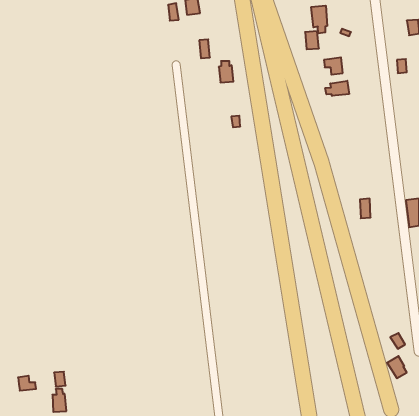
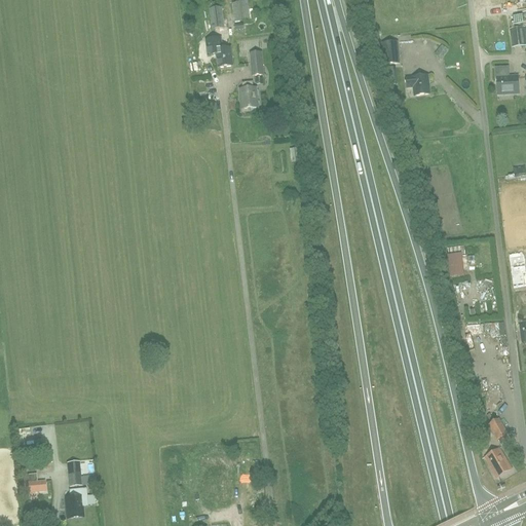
building: [311,6,327,34] -> none
building: none -> [215,34,233,65]
building: [219,61,233,82] -> [239,79,258,106]
building: [325,81,349,96] -> none

